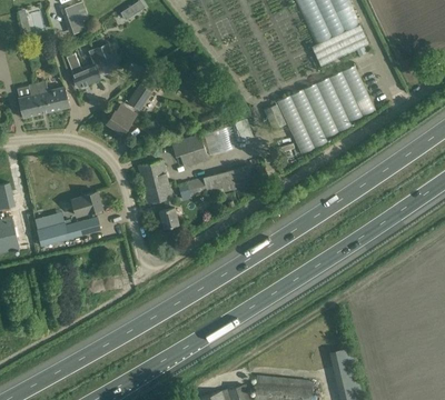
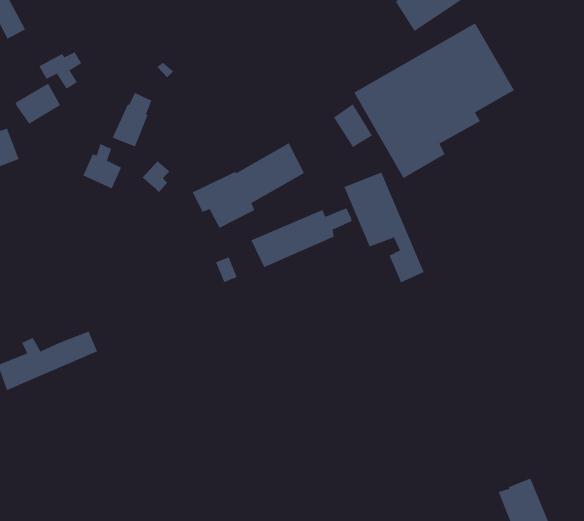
building: [137,159,178,228] -> [344,172,424,283]
building: [70,191,101,216] -> none

